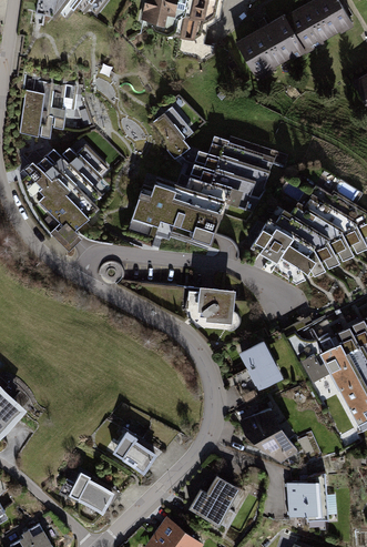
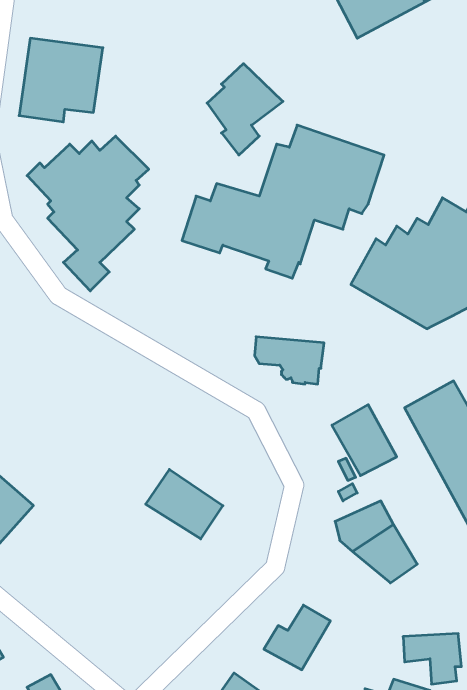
building: [106,427,161,476] -> [146,469,223,539]
building: [68,470,114,511] -> none
building: [286,472,326,498] -> none

